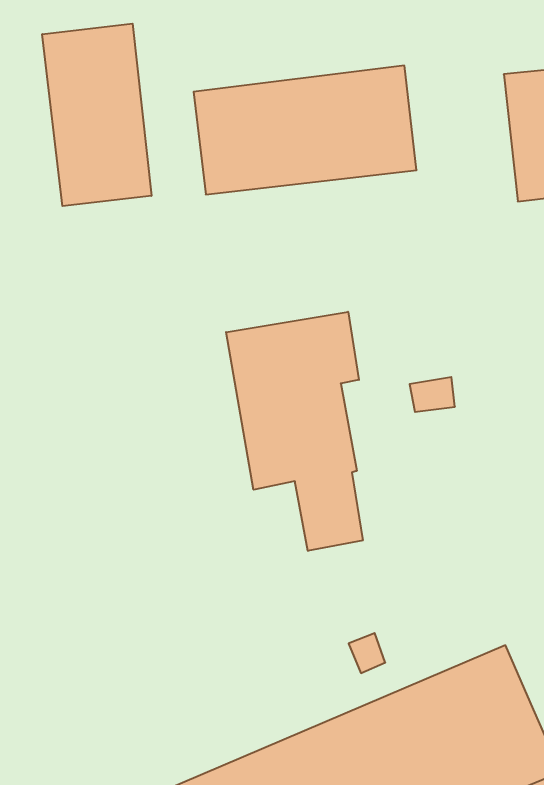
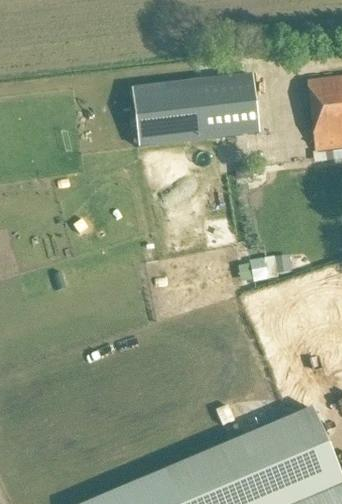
building: [42,24,151,206] -> none
building: [226,312,363,551] -> none

